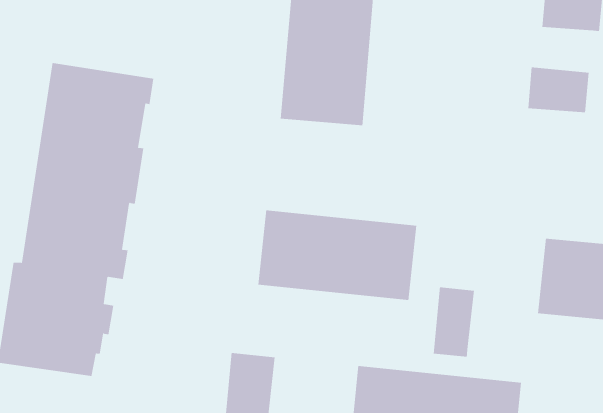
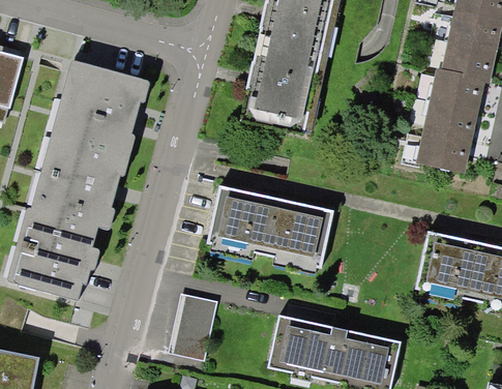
building: none -> [434,73,483,113]
building: none -> [420,134,471,174]
building: [433,287,474,357] -> none

